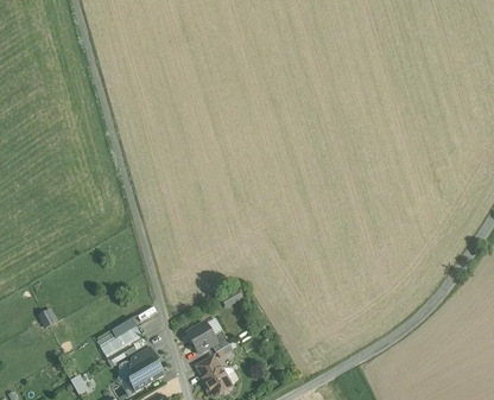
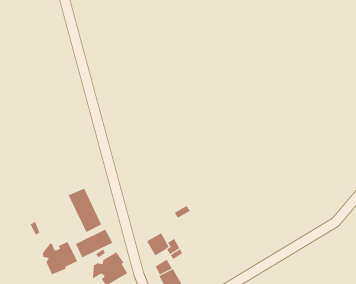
building: none -> [68,188,102,233]
building: none -> [42,241,78,275]

